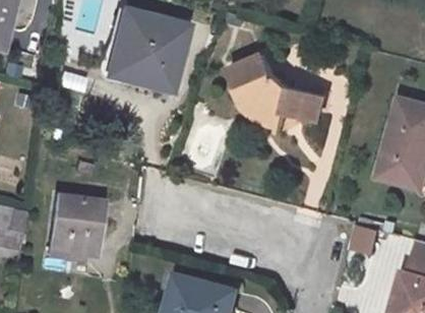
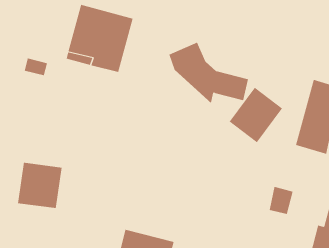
building: none -> [229,87,283,143]

